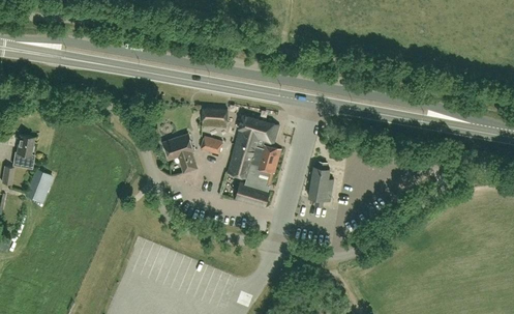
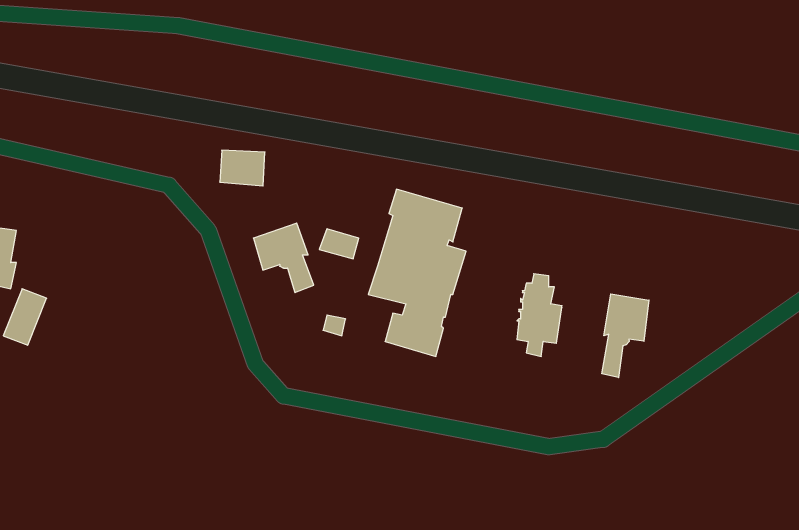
building: [202,109,226,129] -> [220,150,265,186]
building: none -> [602,294,649,378]

